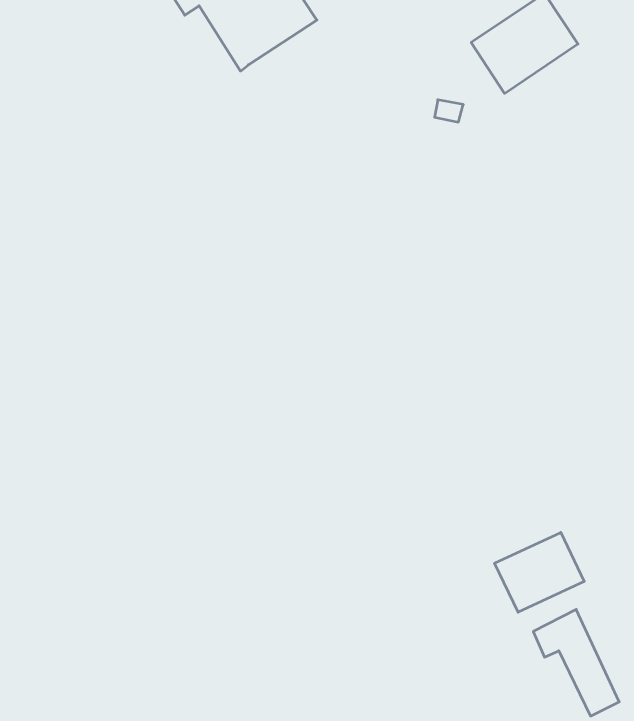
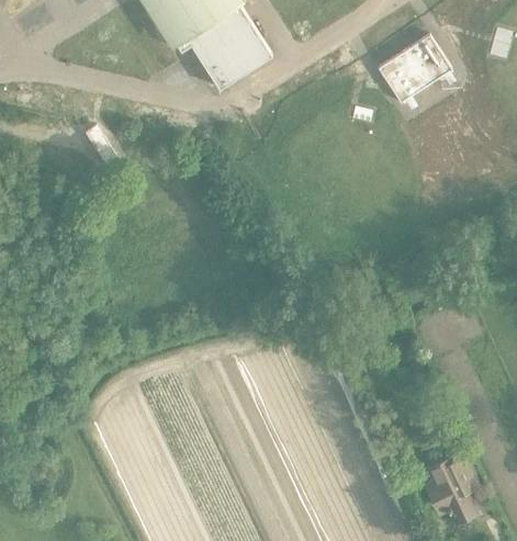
building: [495,532,584,612] -> none

